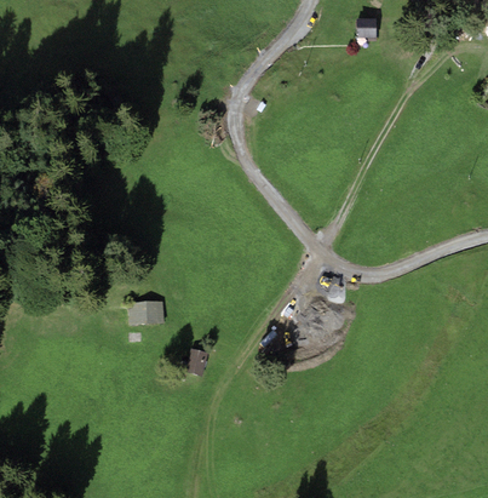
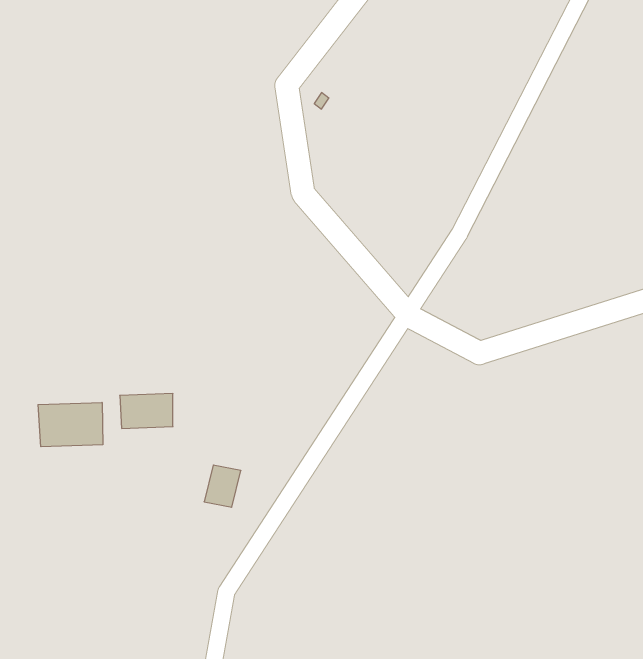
building: none -> [38,402,103,447]

